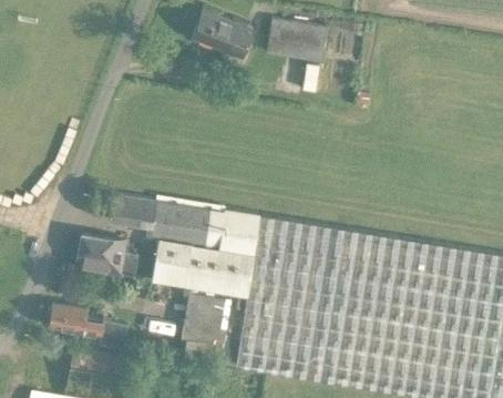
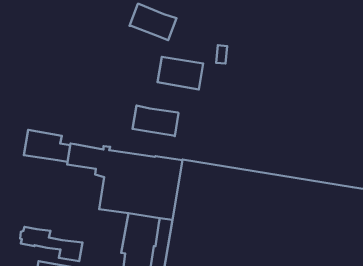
building: [266,20,326,63] -> [158,57,203,90]
building: none -> [133,106,179,136]
building: [76,236,137,278] -> [24,130,70,162]

